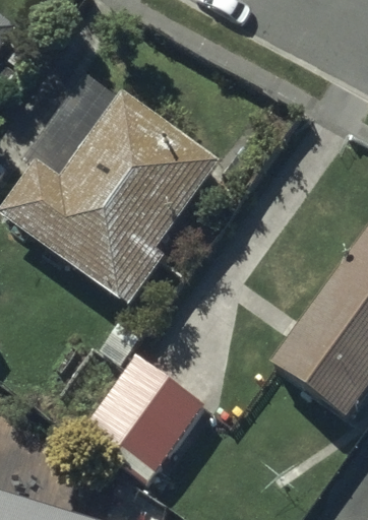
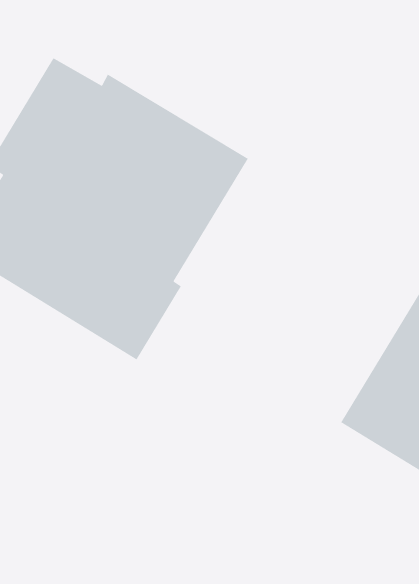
building: [91,359,202,469] -> none

